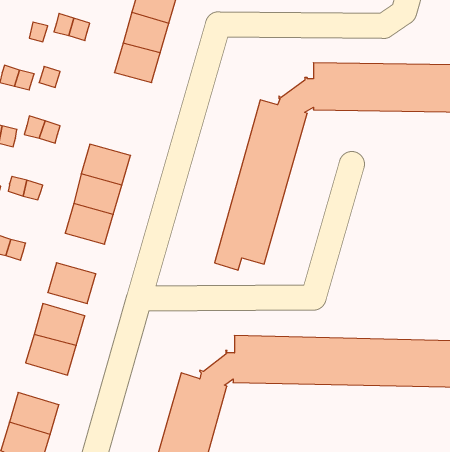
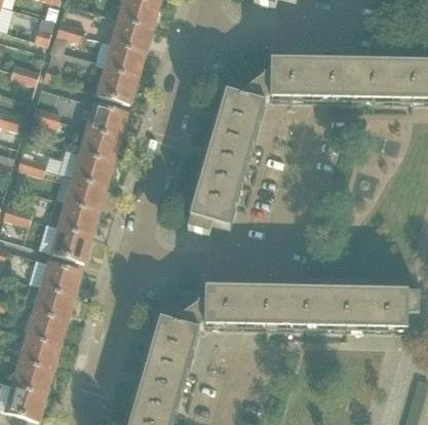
building: none -> [99,66,137,100]
building: none -> [85,101,126,134]
building: none -> [57,199,98,233]
building: none -> [26,307,67,342]

